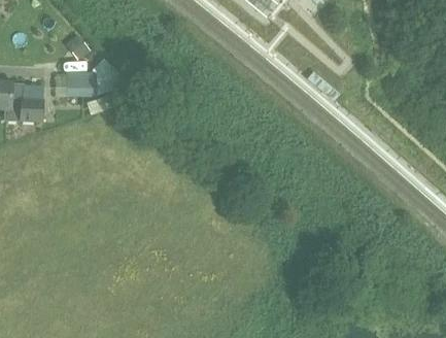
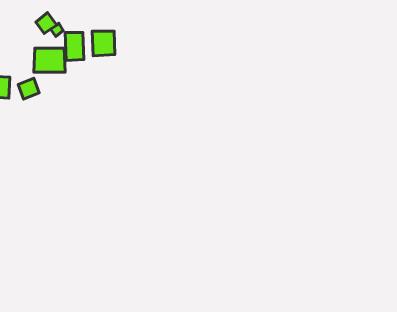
building: none -> [92,31,115,56]

